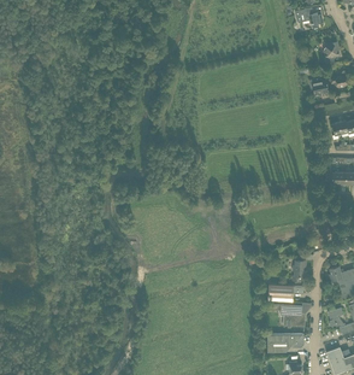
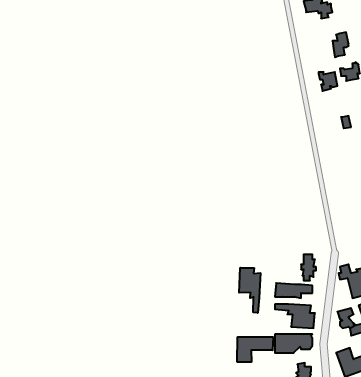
building: none -> [239,268,260,313]
building: none -> [237,337,273,362]

